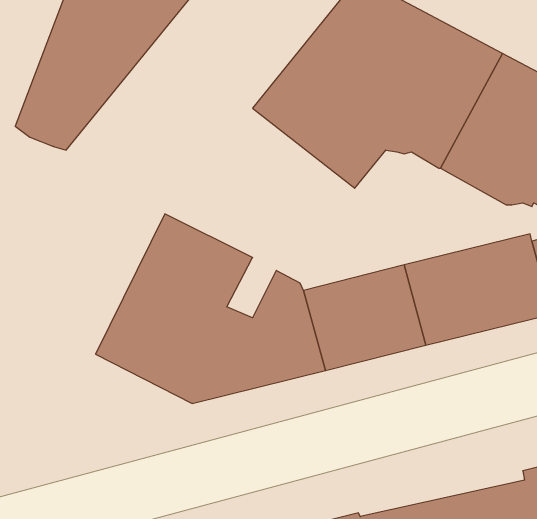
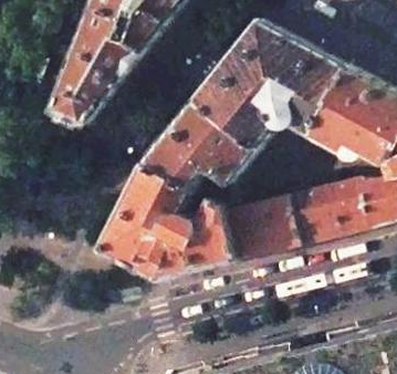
building: none -> [139,100,253,190]

